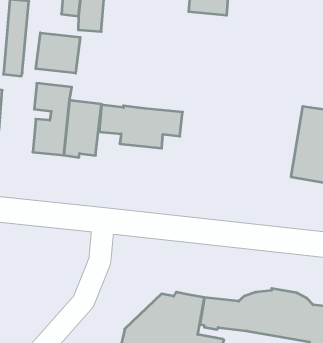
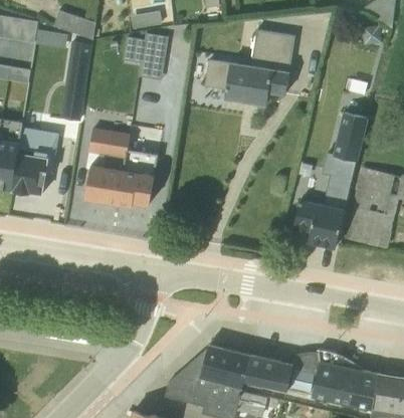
building: [36,33,80,73] -> none
building: none -> [292,112,367,247]
building: [99,105,183,148] -> [204,59,289,107]

